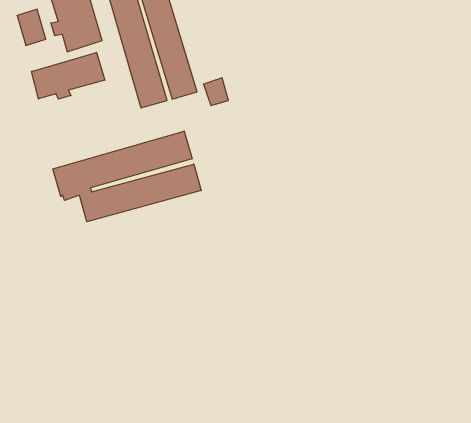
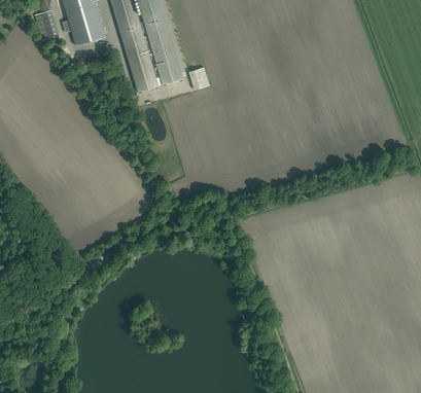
building: [32,52,105,99] -> none
building: [53,131,201,222] -> none

